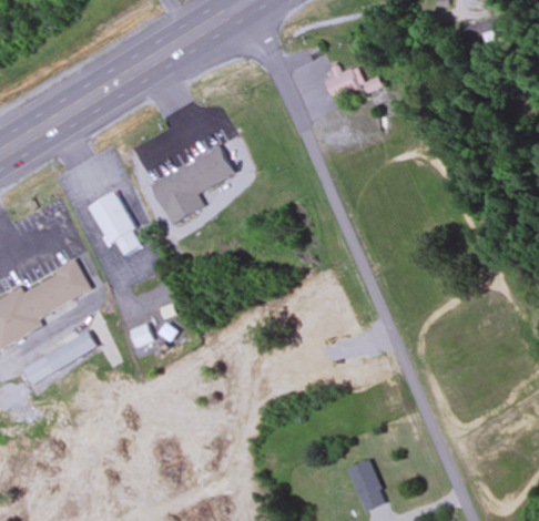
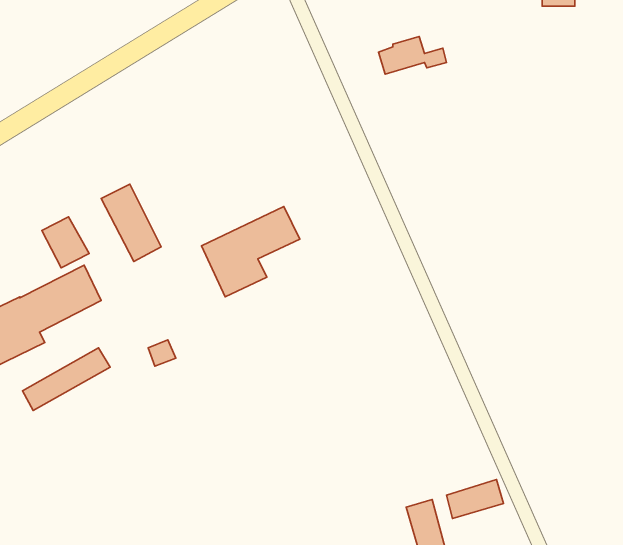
building: [150,147,233,224] -> [202,206,300,297]
building: none -> [42,217,89,268]
building: none -> [446,479,503,518]

